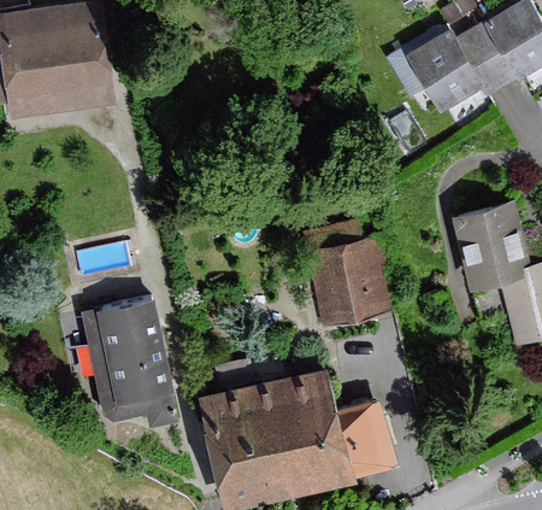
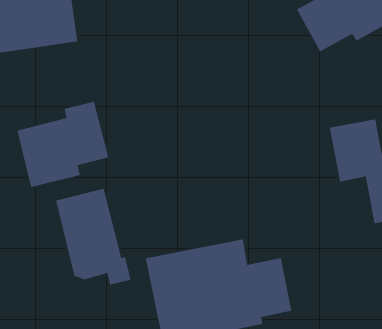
building: none -> [16,101,109,188]
building: [314,238,393,324] -> none

